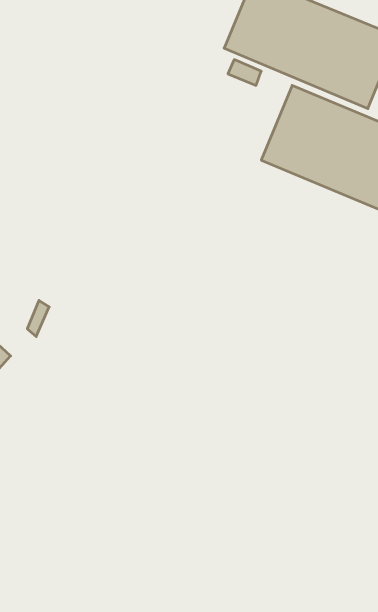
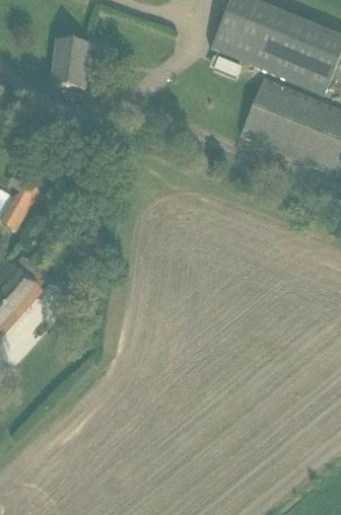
building: none -> [51,38,100,92]

